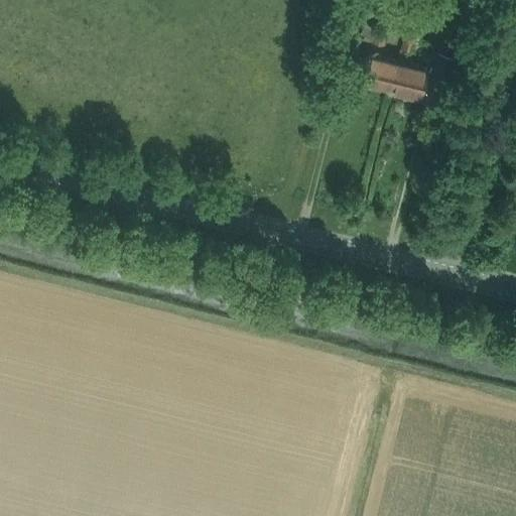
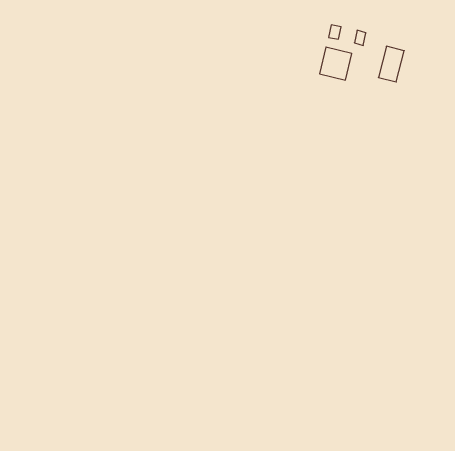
building: [391,64,427,102] -> none

